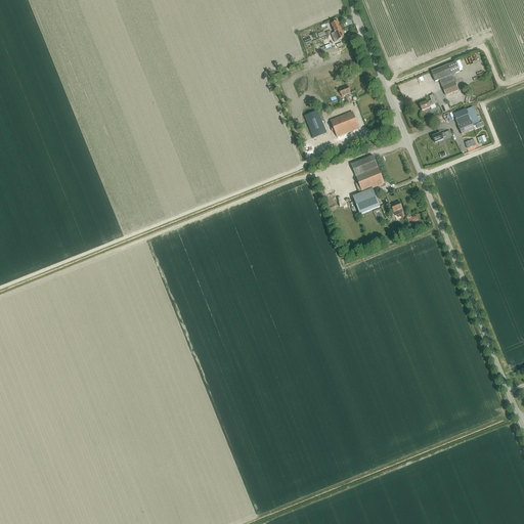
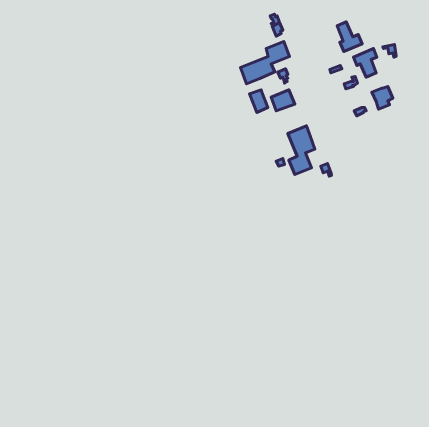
building: none -> [337,22,362,51]
building: none -> [240,42,290,84]

